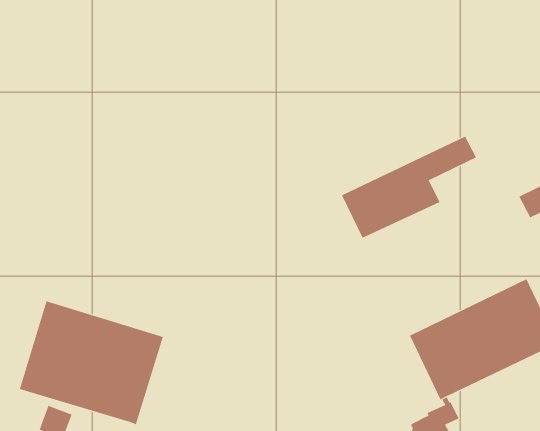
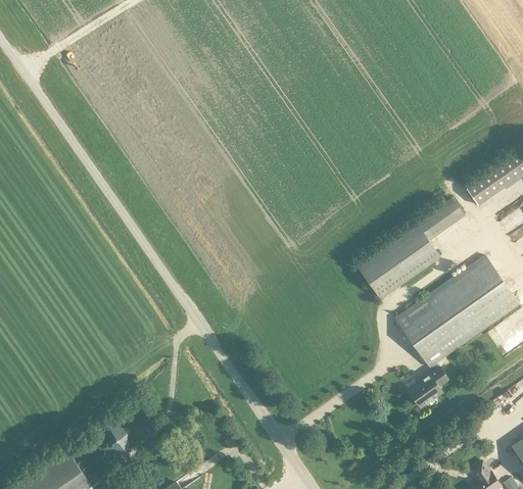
building: [341,136,477,238] -> [358,199,464,298]
building: [19,300,163,425] -> none

